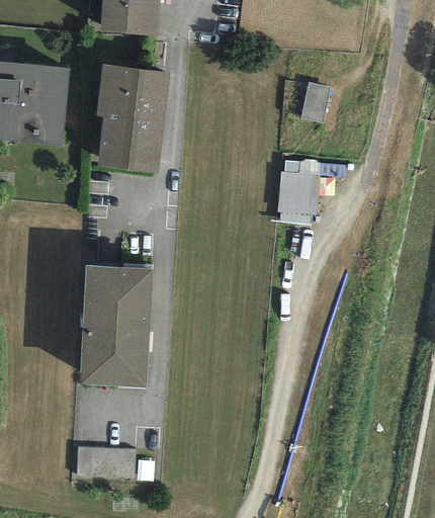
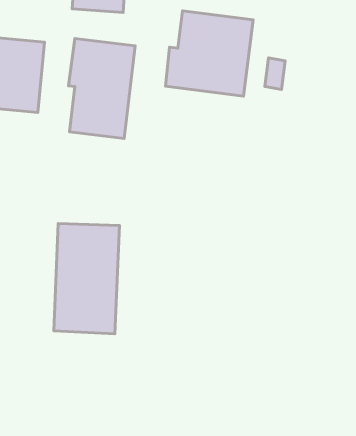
building: none -> [165,11,253,96]
building: [277,157,318,212] -> none
building: [75,445,135,473] -> none

